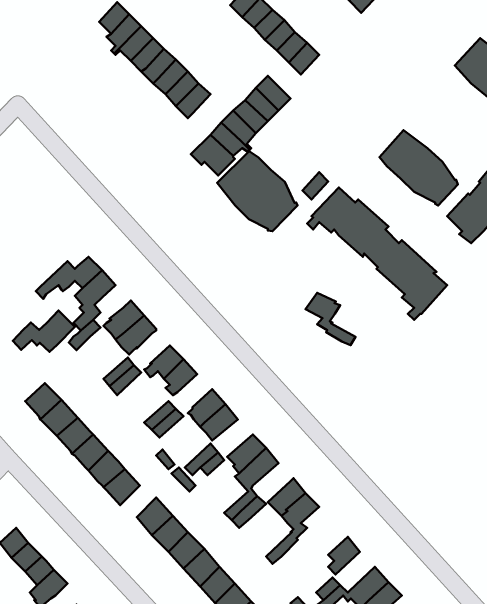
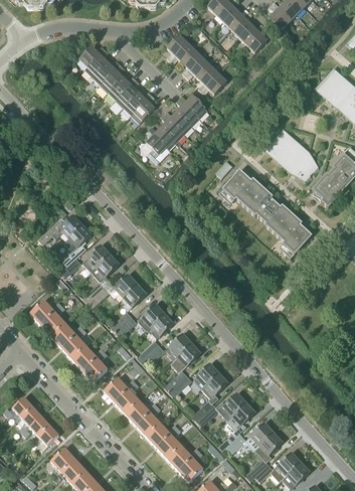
building: [217,151,298,231] -> none
building: [305,293,356,345] -> none
building: [13,310,75,352] -> none
building: none -> [195,393,245,426]

